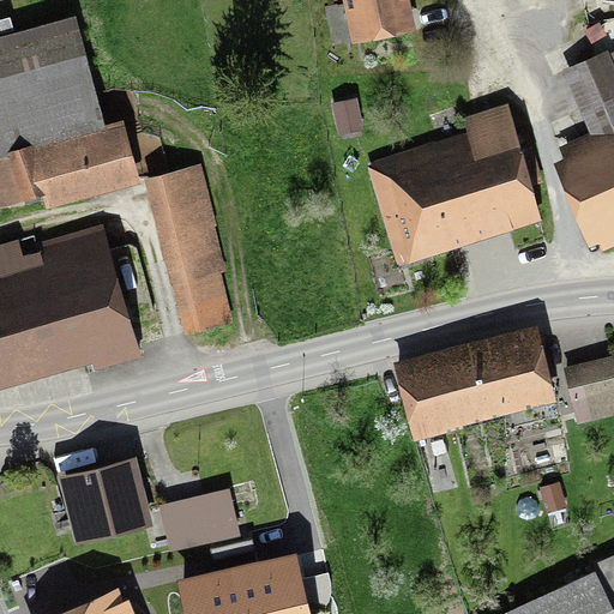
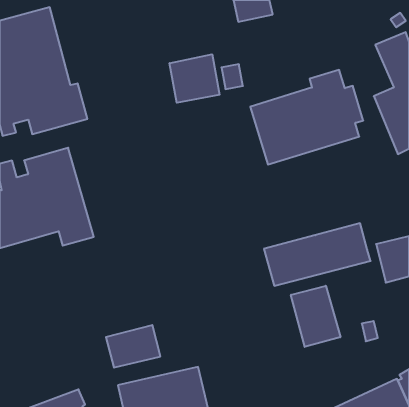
building: none -> [170,54,220,103]
building: [150,171,229,329] -> none
building: none -> [291,286,340,347]
building: [64,463,144,538] -> none

